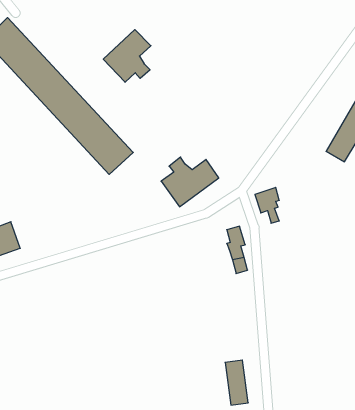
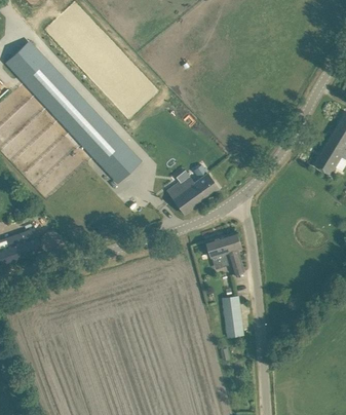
building: [103,30,151,82] -> none
building: [255,187,279,223] -> [207,234,229,266]
building: [225,360,248,405] -> [223,296,243,336]

